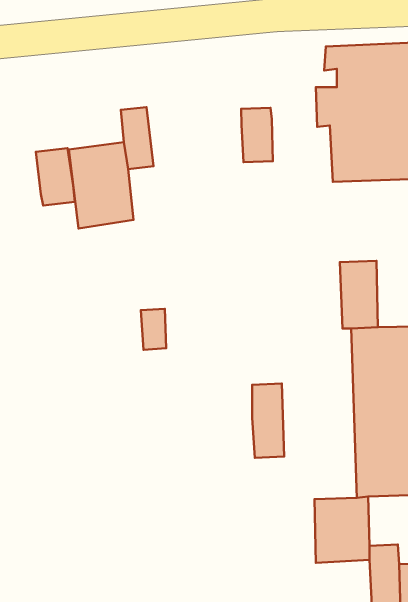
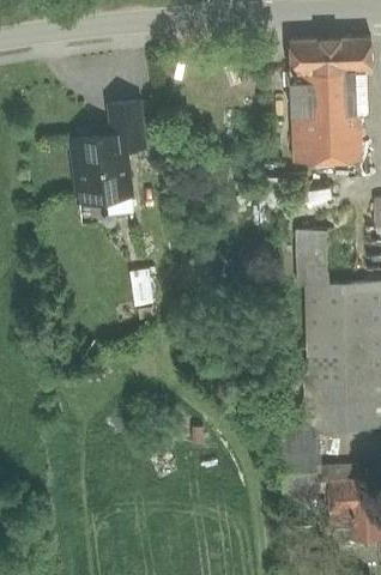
building: [241,108,273,162] -> none
building: [36,148,75,206] -> none
building: [252,384,284,458] -> none

